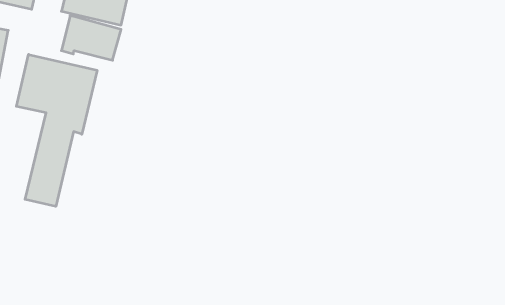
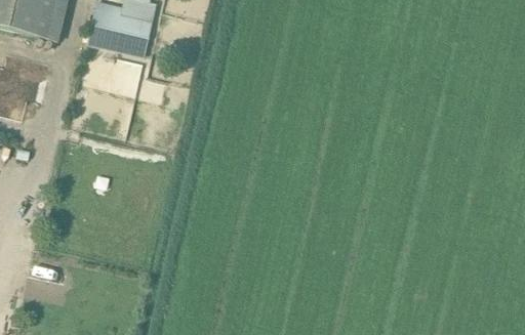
building: [16,54,97,206] -> none

